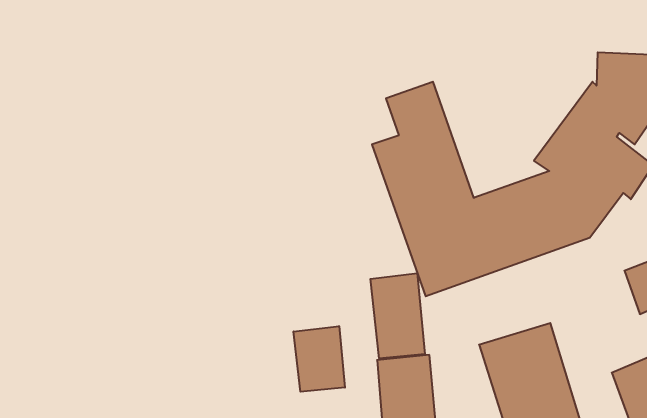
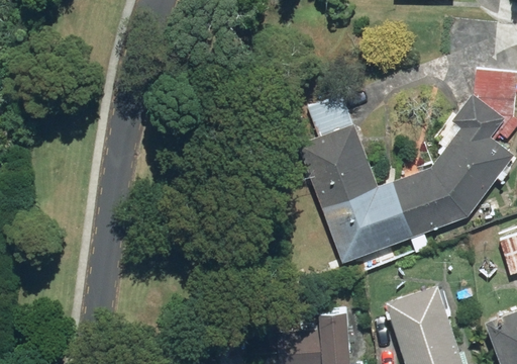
building: [370,273,425,358] -> none
building: [294,326,345,392] -> none

